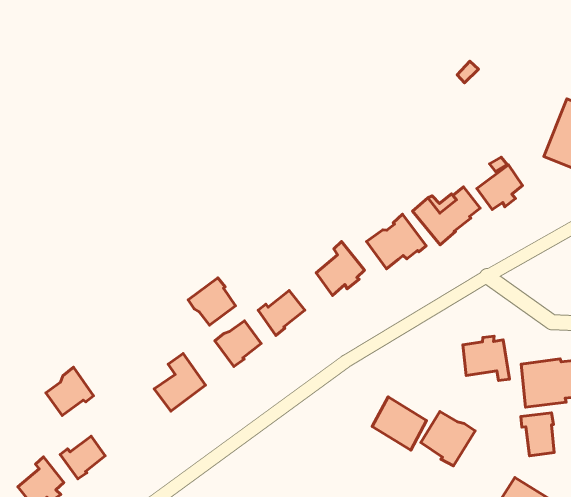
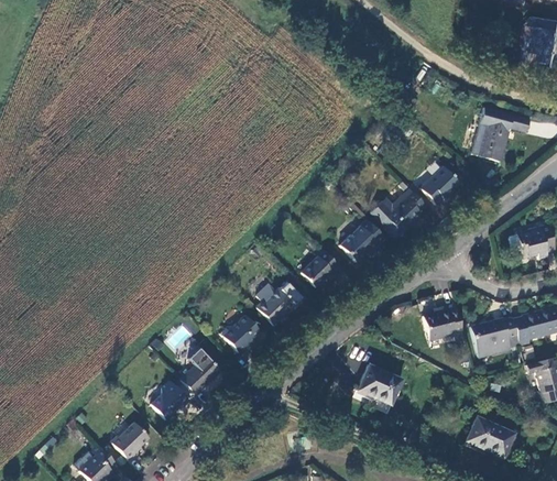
building: [188,278,236,325] -> none
building: [46,367,93,415] -> [151,380,189,419]
building: [421,412,475,466] -> none
building: [521,413,554,456] -> none

